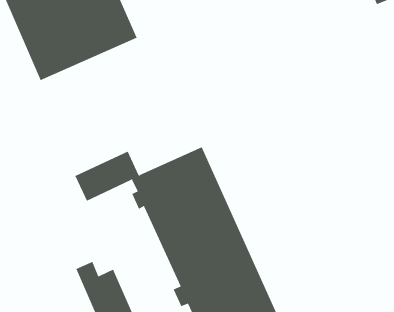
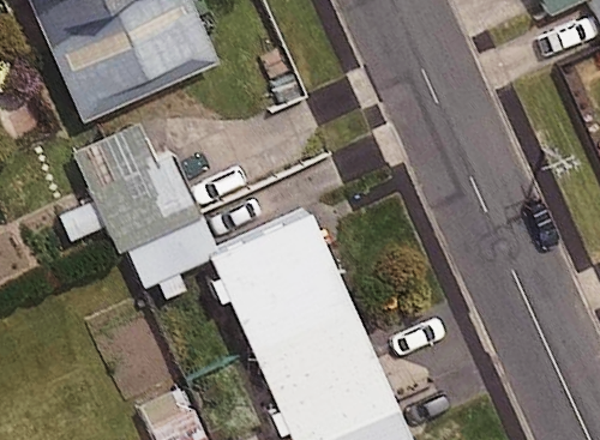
building: none -> [61,123,197,247]

